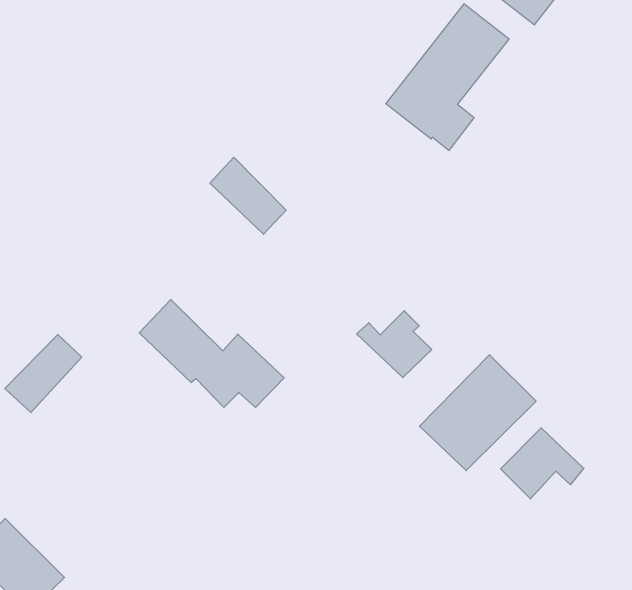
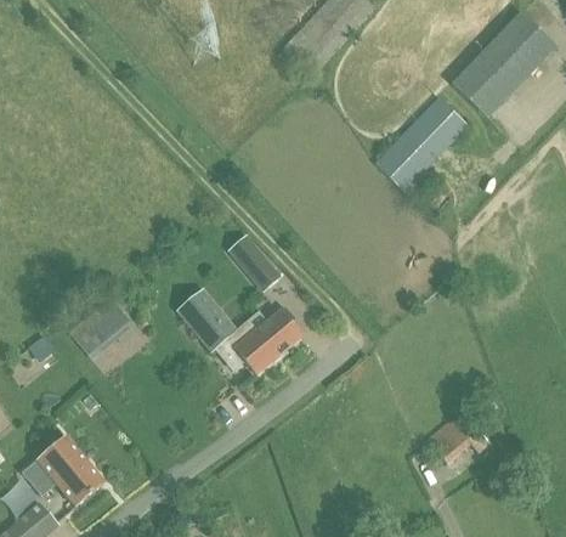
building: [210,157,286,234] -> [228,232,282,290]
building: [357,311,432,378] -> [249,305,302,354]
building: [419,355,536,471] -> none

